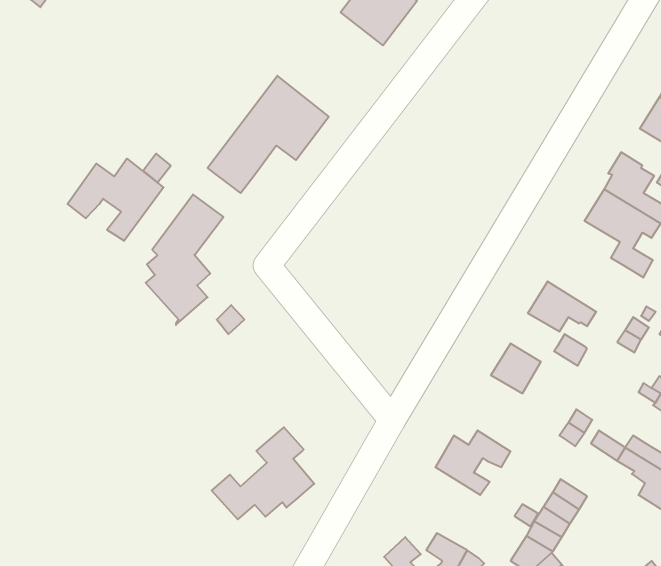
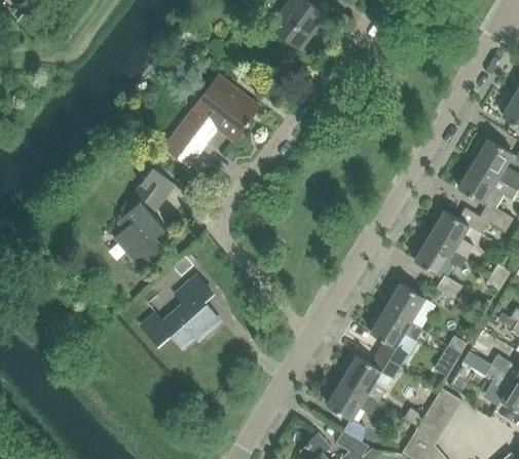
building: [68,159,164,241] -> none
building: none -> [430,206,489,258]
building: none -> [371,307,422,367]
building: [212,427,314,519] -> [140,276,220,348]
building: none -> [327,379,377,418]

